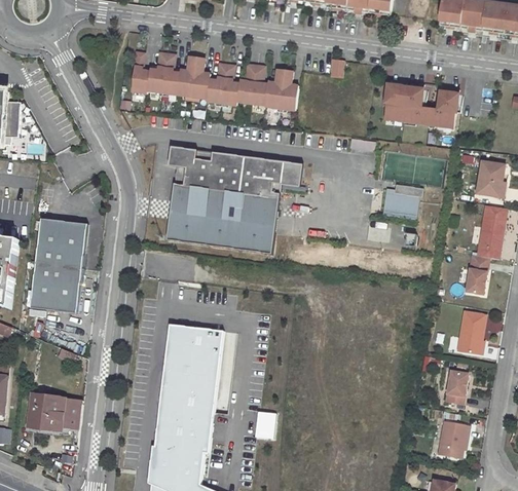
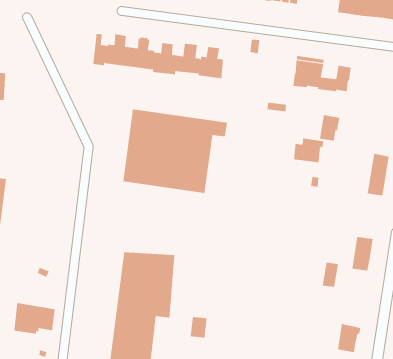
building: [477,160,504,194] -> [319,115,340,141]
building: [30,217,86,311] -> none
building: [467,253,488,292] -> none
building: [446,370,468,402] -> [322,262,339,287]

